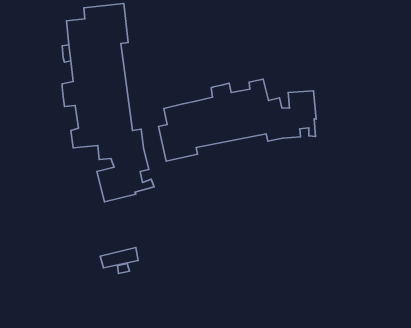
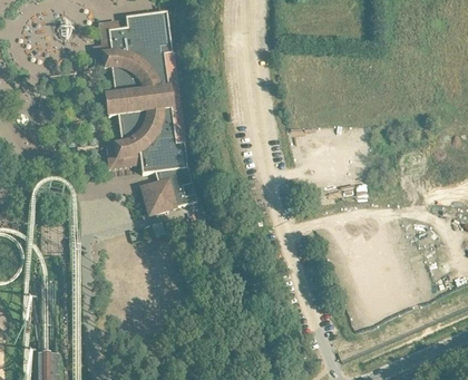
building: [159,79,316,161] -> none

